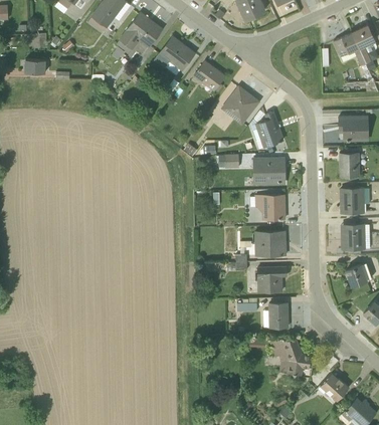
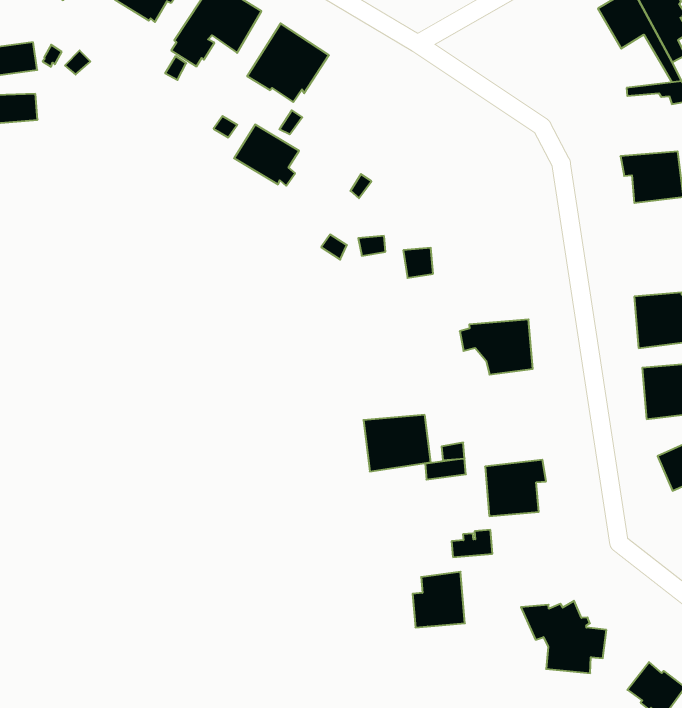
building: [193,60,226,92] -> [234,125,299,186]
building: [220,84,260,126] -> none
building: [250,112,285,150] -> none
building: [339,153,360,177] -> none
building: [253,158,286,185] -> none
building: [254,231,287,257] -> [363,415,431,471]
building: [263,302,289,329] -> [413,572,465,627]

